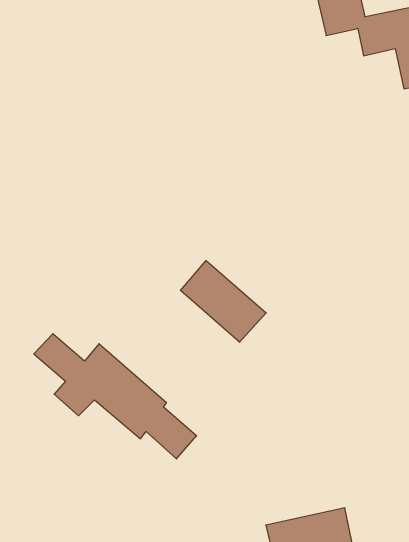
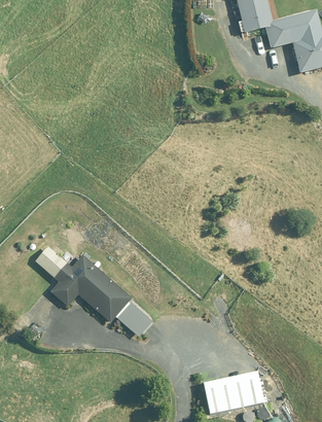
building: [181,261,266,342] -> none

